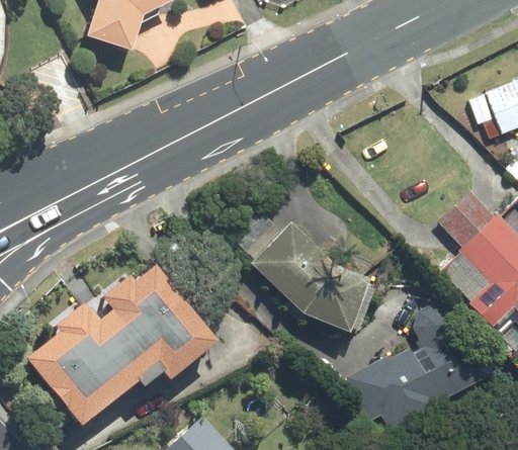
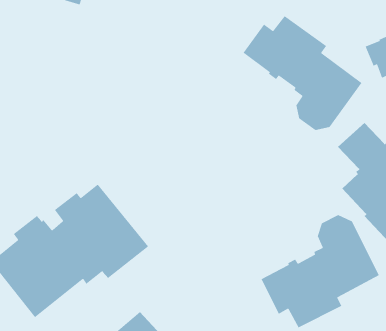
building: none -> [243,15,362,131]
building: [230,207,370,331] -> none

